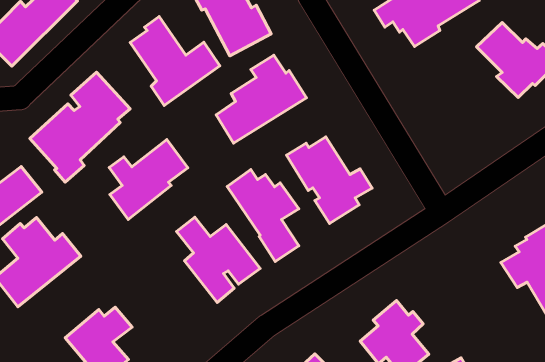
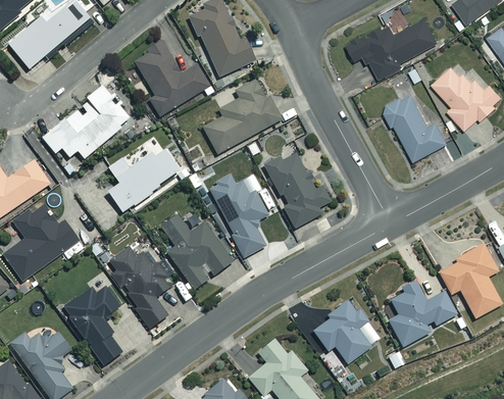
building: none -> [381,93,446,160]
building: none -> [108,247,170,328]
building: none -> [388,280,456,345]

